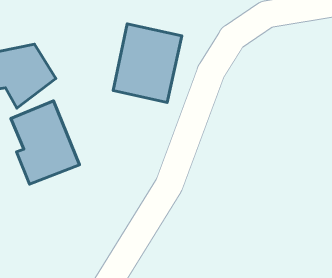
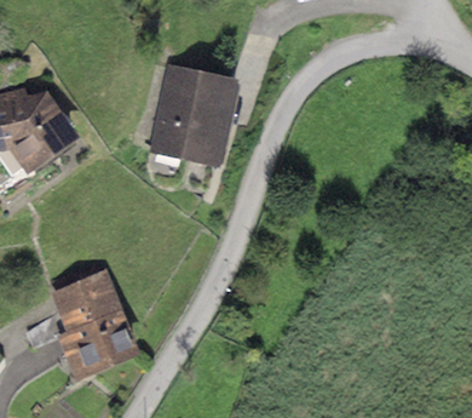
building: [11,101,79,184] -> [50,268,139,377]

